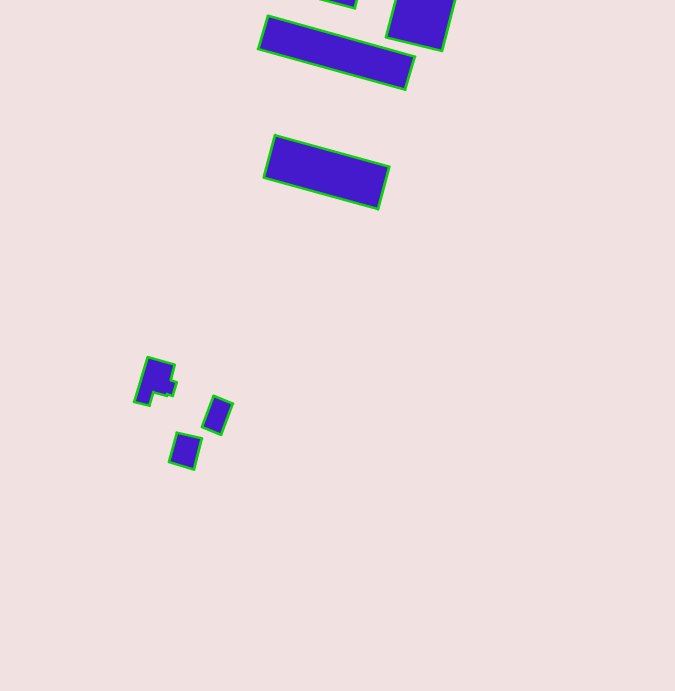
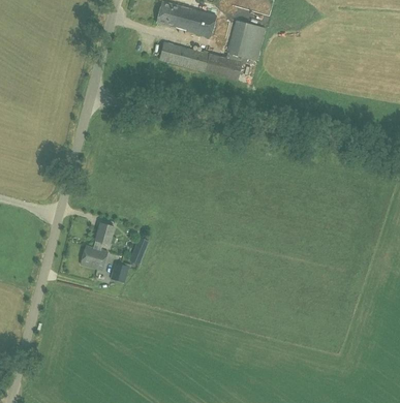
building: [264,135,389,209] -> none
building: none -> [80,246,106,271]

